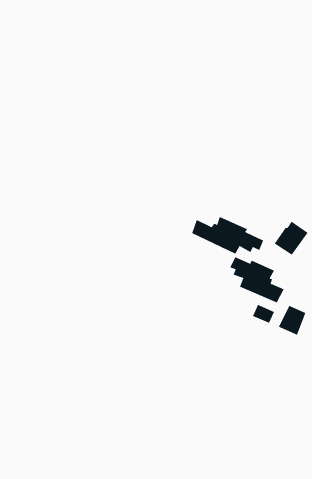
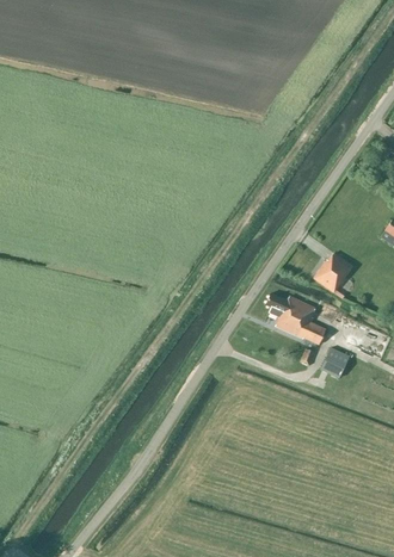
building: [191,216,264,255] -> none

